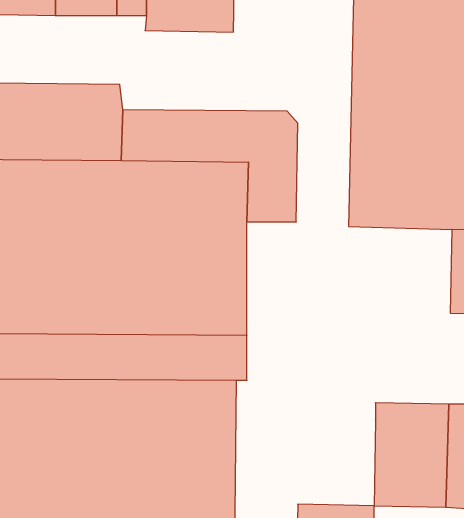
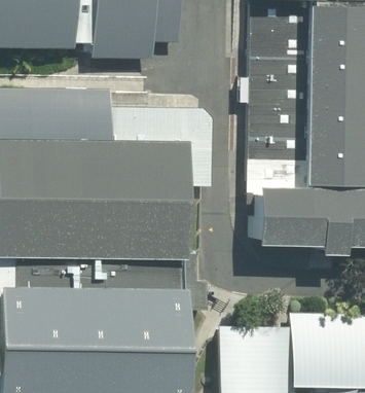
building: none -> [250,189,323,249]
building: none -> [217,322,270,382]

